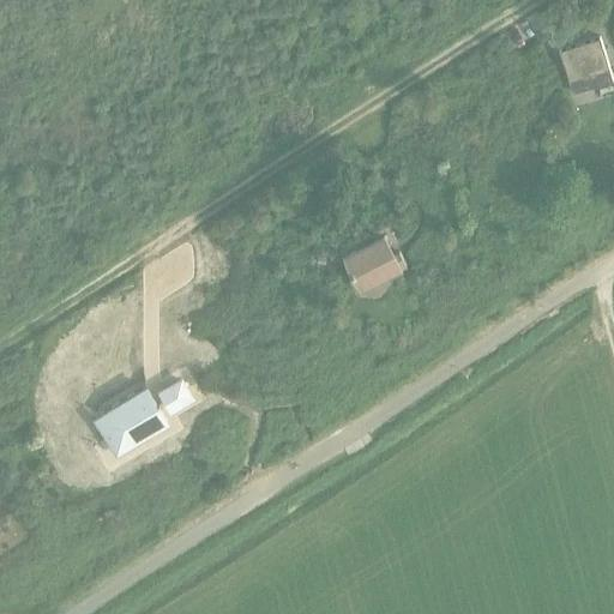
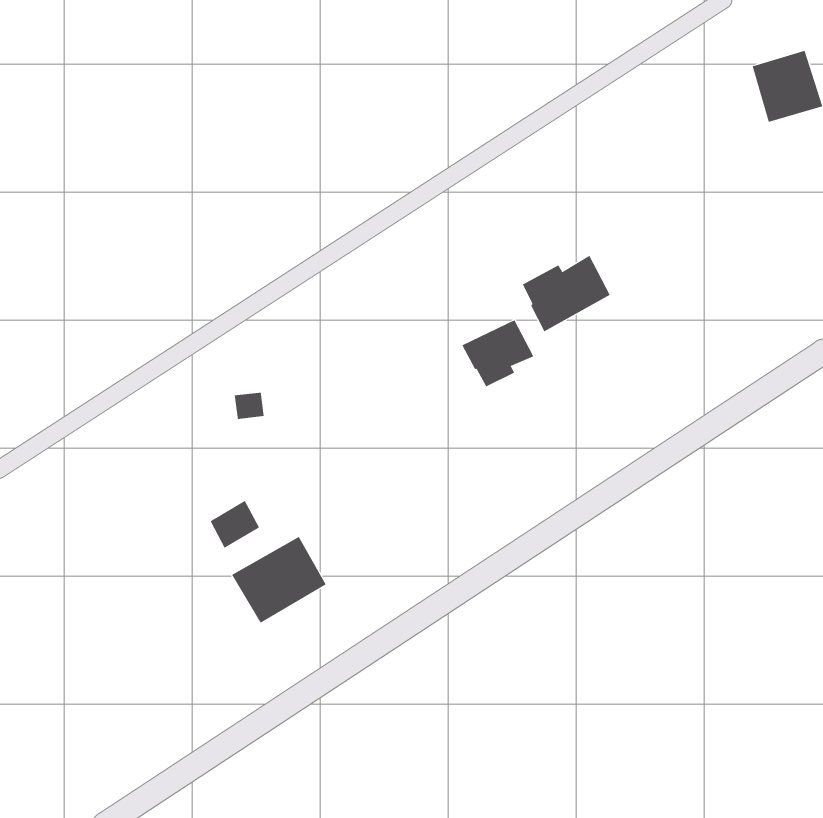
building: none -> [522,255,610,332]
building: [96,389,167,453] -> [231,536,326,623]

